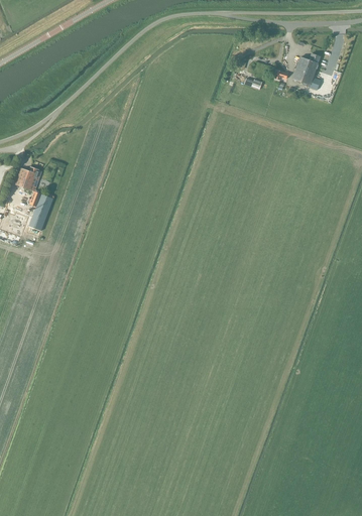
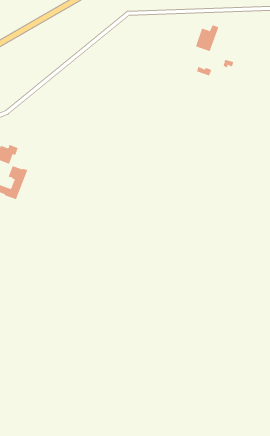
building: [292,53,320,85] -> [195,24,219,52]

